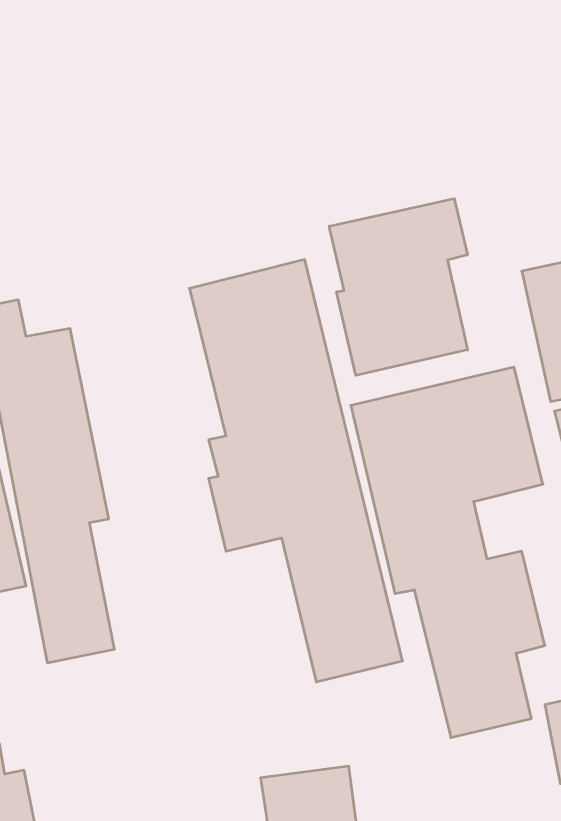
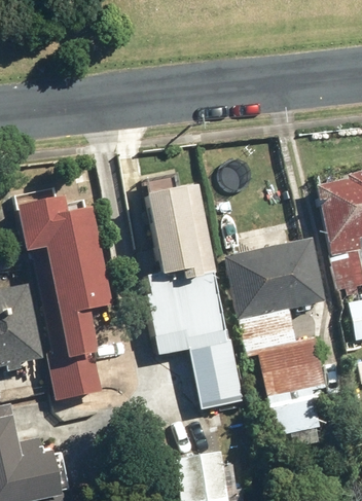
building: [329,199,468,375] -> none

